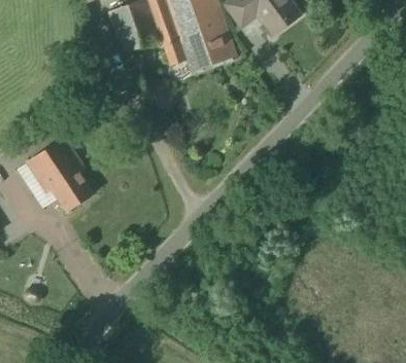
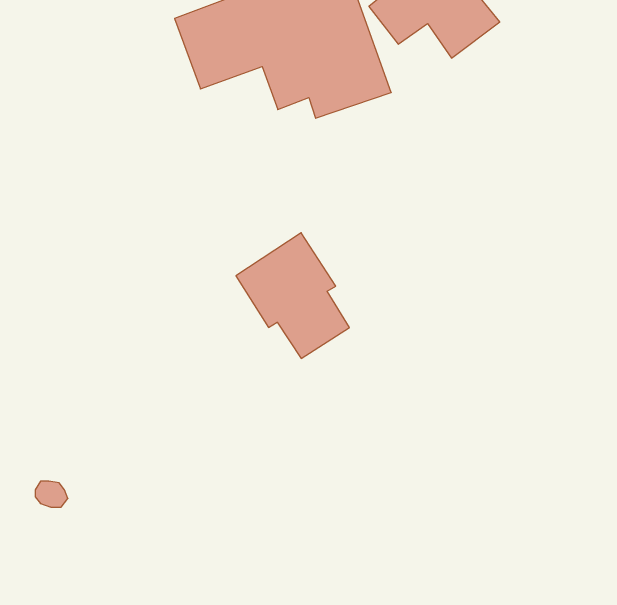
building: [27,136,95,211] -> [236,233,349,358]

